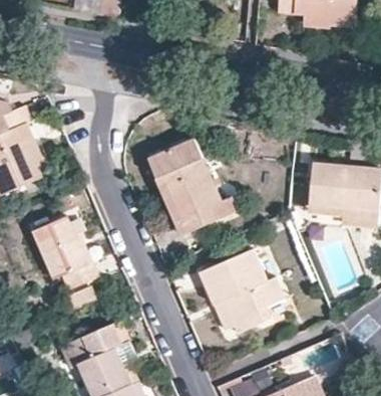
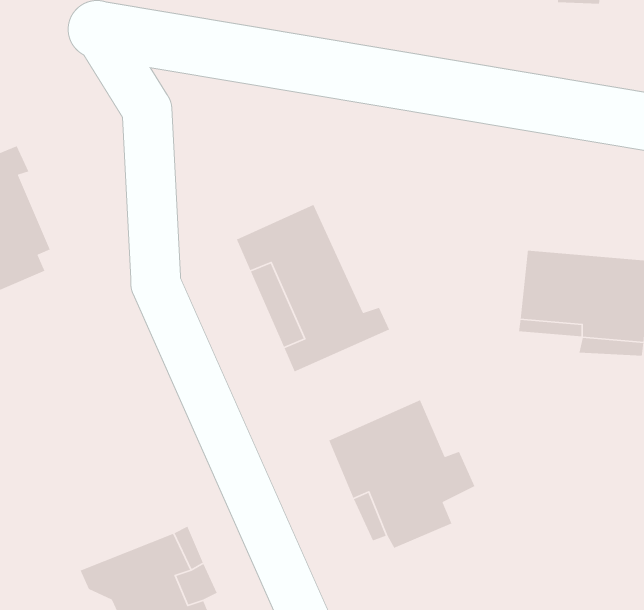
building: [31,215,97,290] -> none

